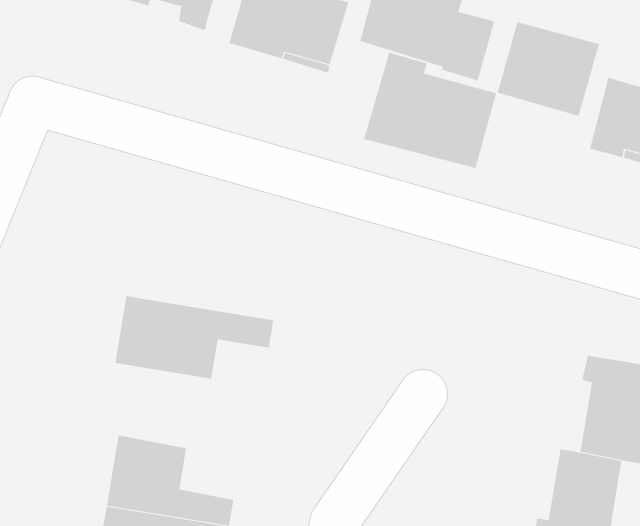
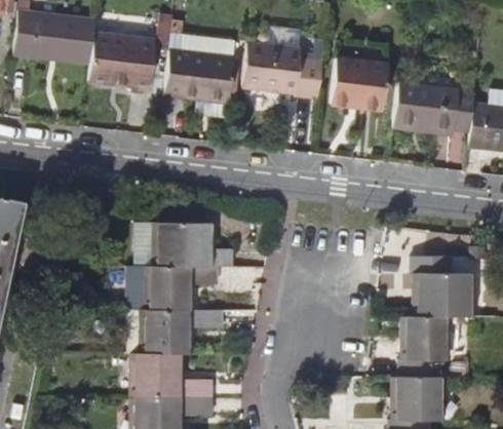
building: [363,52,497,169] -> none
building: none -> [138,205,236,265]
building: none -> [127,307,224,351]

